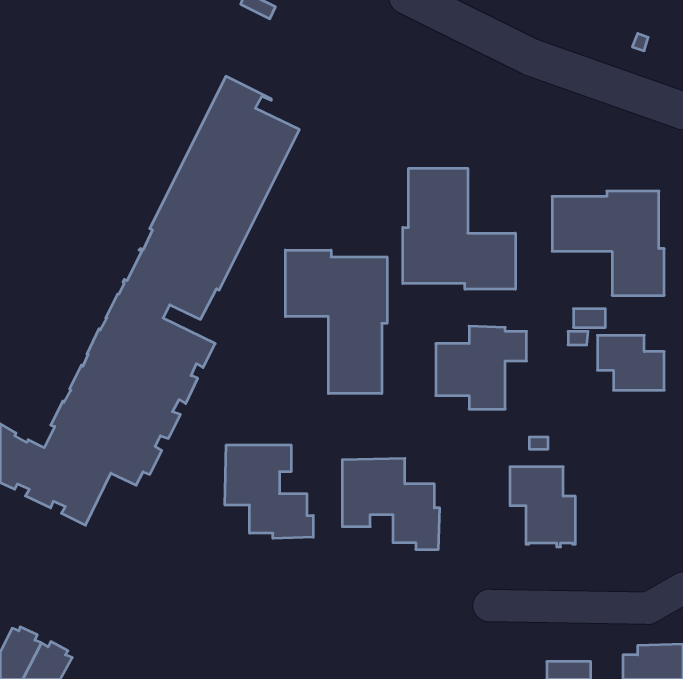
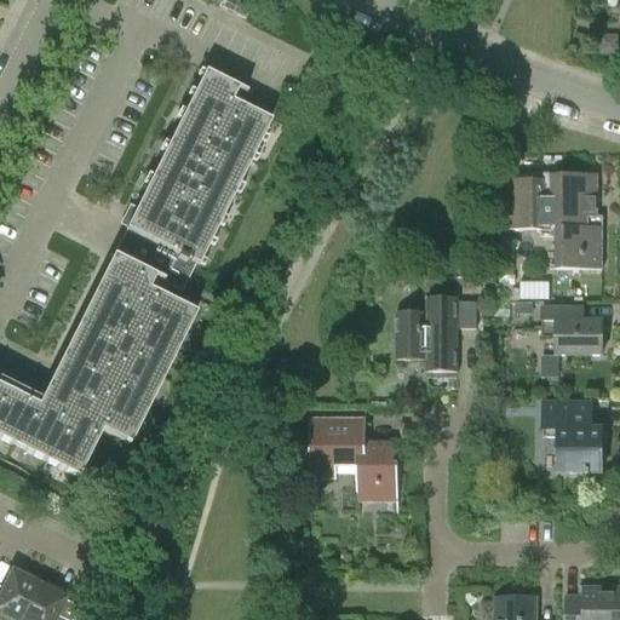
building: [403,168,515,289] -> none
building: [285,250,387,394] -> none
building: [225,445,313,538] -> none
building: [510,467,575,547] -> [542,401,602,473]

